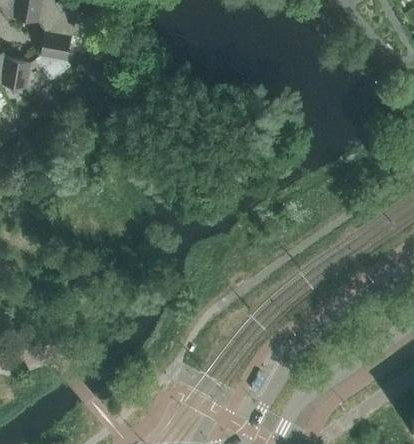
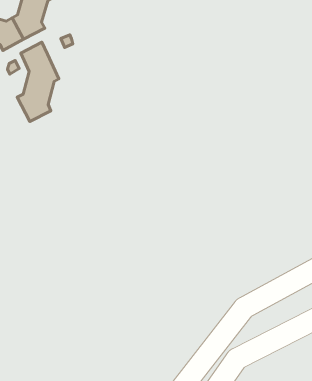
building: none -> [17,42,59,122]

